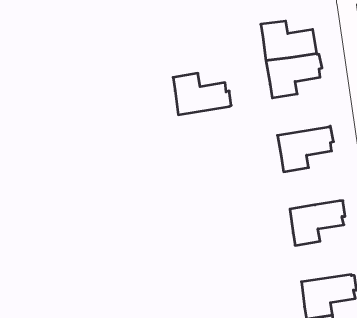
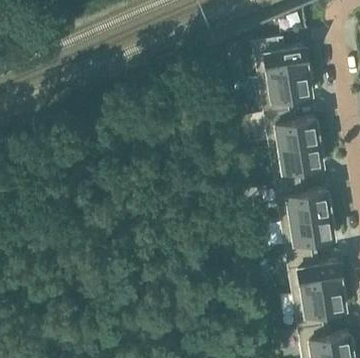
building: [173,73,231,115] -> [265,110,322,150]
building: none -> [276,182,334,222]
building: none -> [287,253,342,292]

